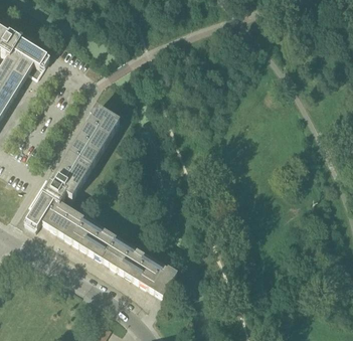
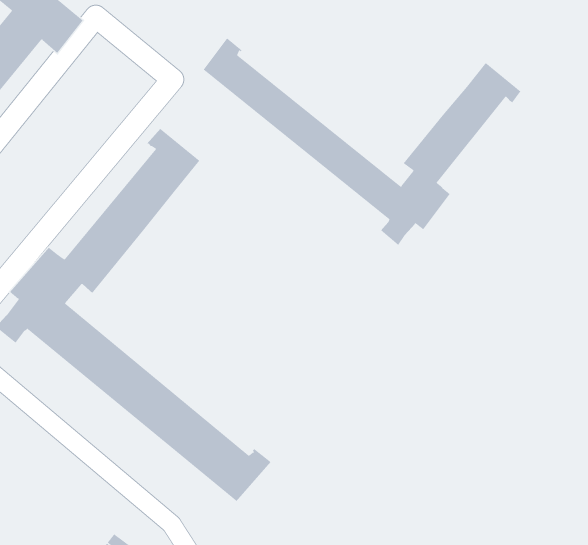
building: none -> [203,38,521,246]

